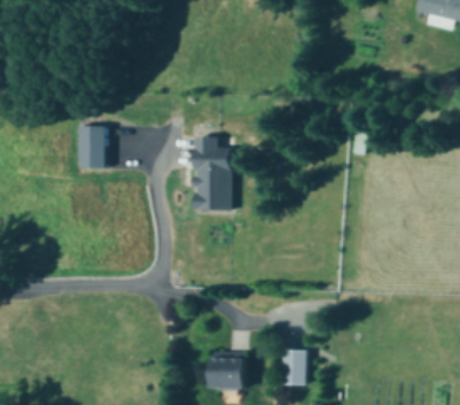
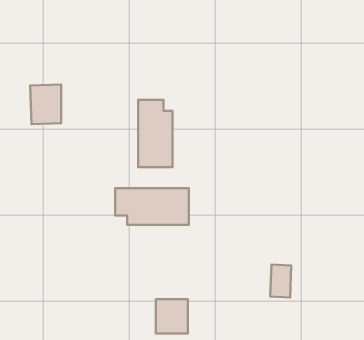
building: none -> [115,188,189,225]
building: [289,348,311,384] -> [270,265,291,298]

